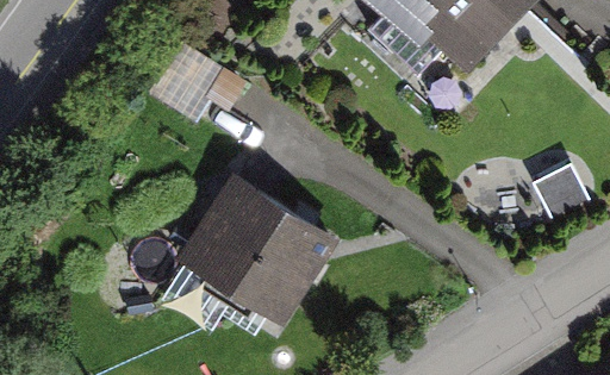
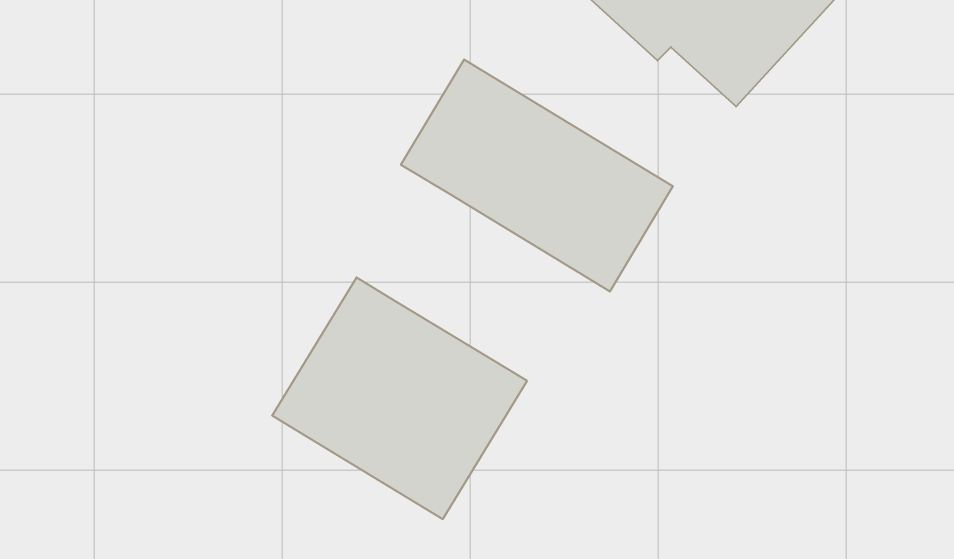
building: none -> [401,59,673,292]

